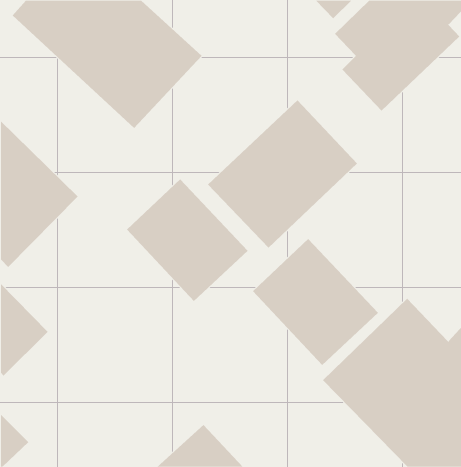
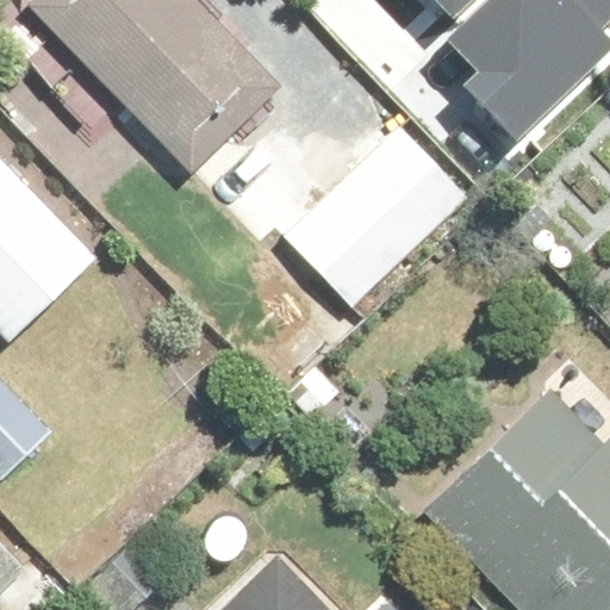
building: [126,178,249,302] -> none
building: [252,238,379,366] -> none

